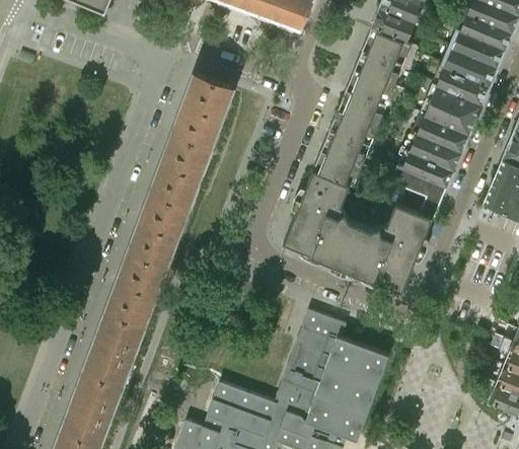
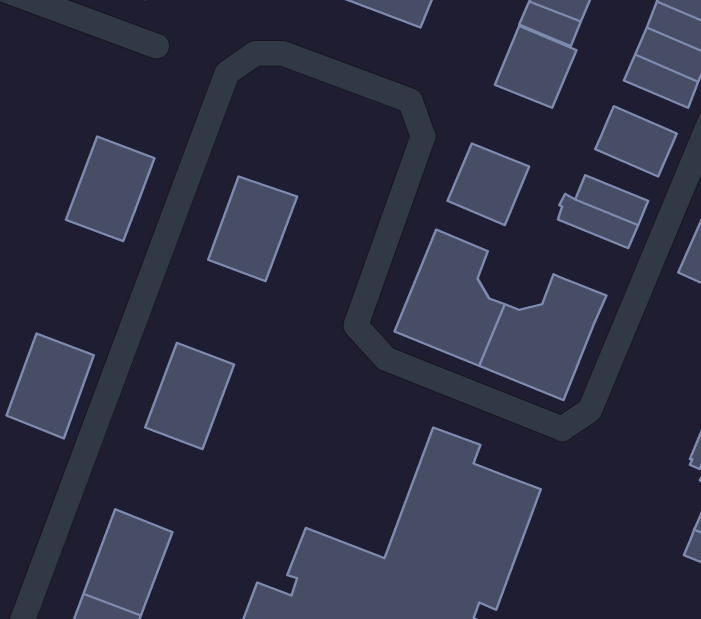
building: [437,66,490,103] -> none
building: [337,69,393,127] -> none
building: [171,73,231,148] -> none
building: [417,115,468,151] -> none
building: [311,151,360,188] -> none
building: [389,164,447,218] -> none
building: [128,193,191,267] -> [66,137,155,241]
building: [84,311,146,385] -> [6,334,94,438]

